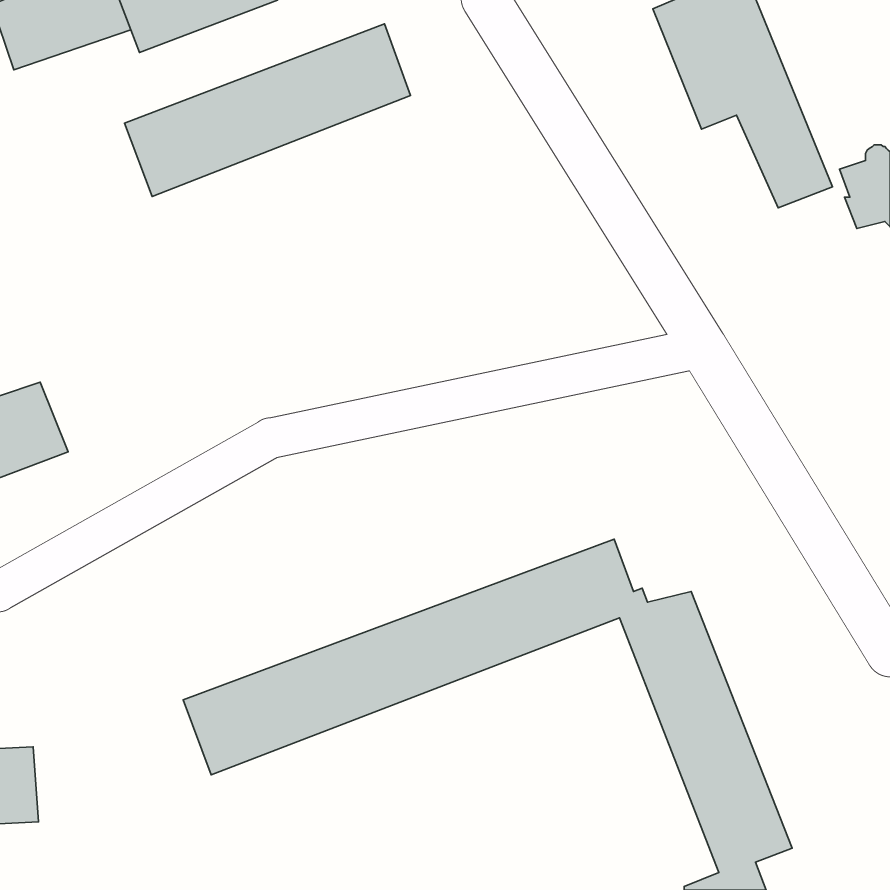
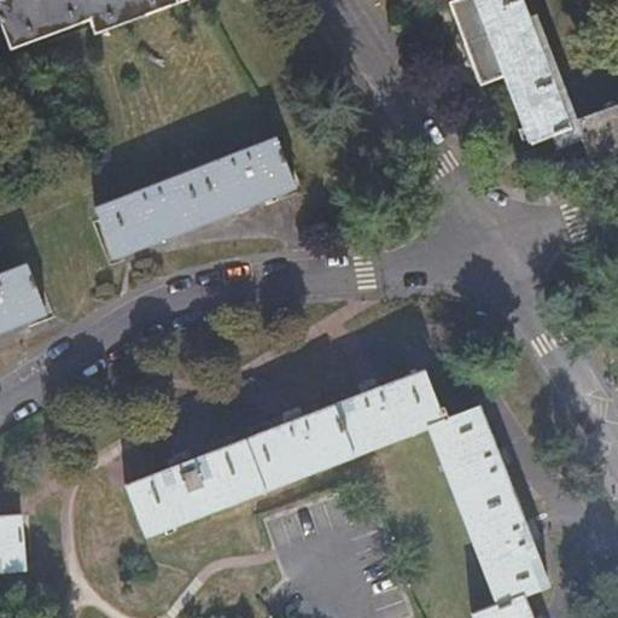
building: [124,24,411,197] -> [97,138,295,257]

